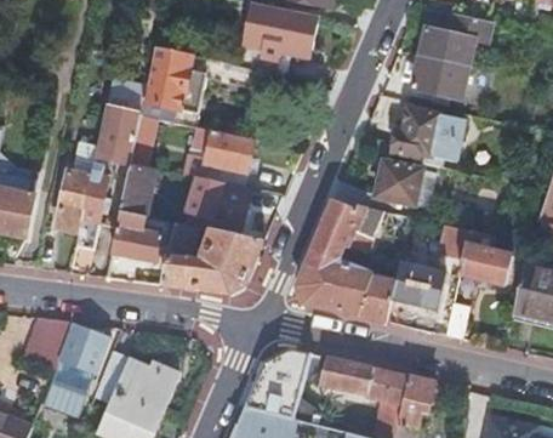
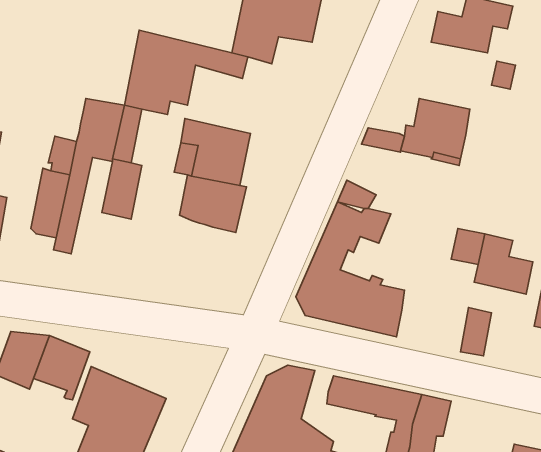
building: [411,57,469,102] -> none
building: [375,164,440,210] -> none
building: [112,211,165,262] -> none
building: [163,223,264,295] -> none
building: [392,262,445,313] -> none
building: [44,362,89,410] -> none

